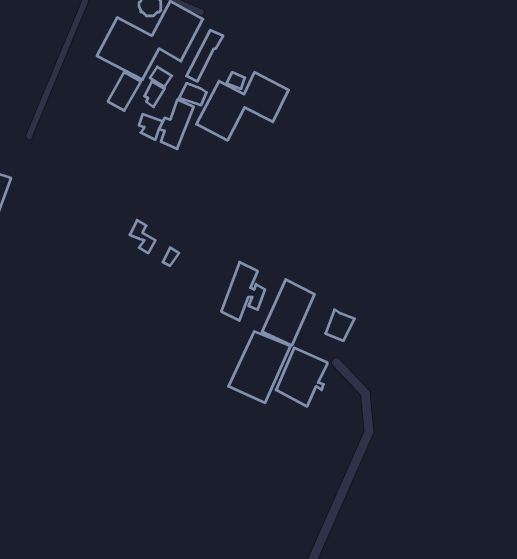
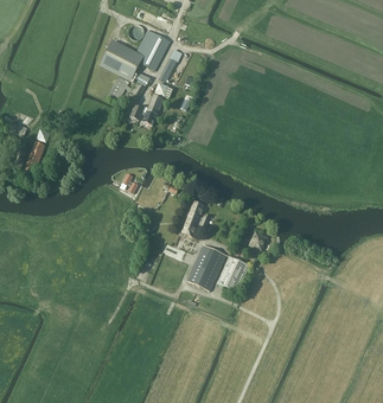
building: [196,72,289,140] -> none
building: [262,279,314,345] -> none

